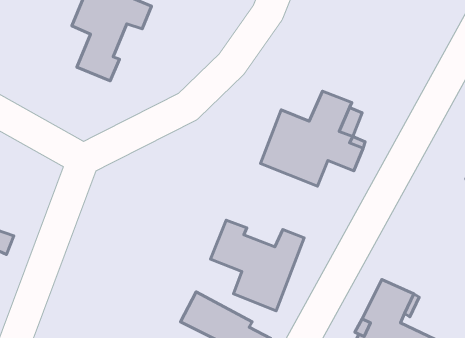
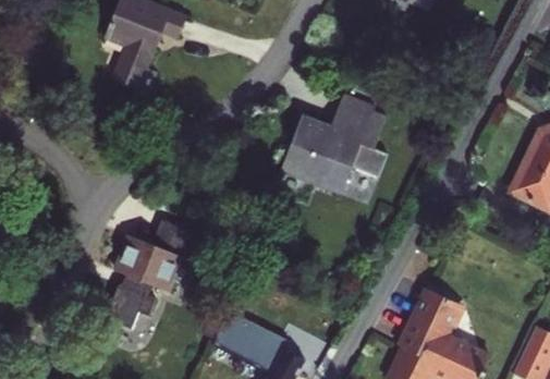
building: none -> [108,217,199,326]
building: [211,220,304,311] -> none

